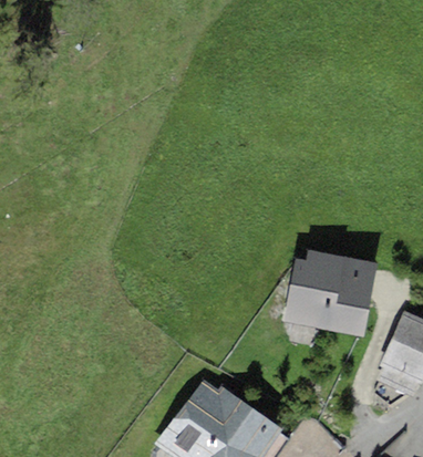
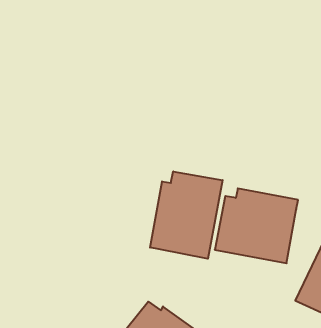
building: none -> [150,171,223,259]

